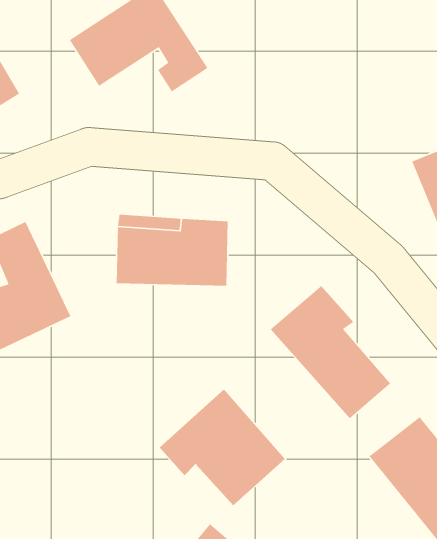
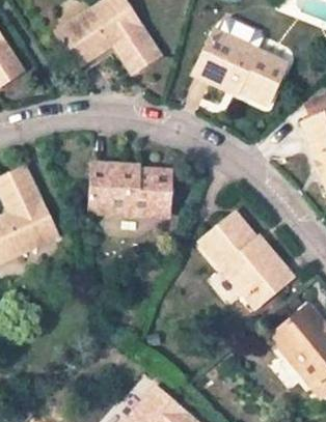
building: none -> [196,25,284,103]
building: [159,389,286,506] -> none

